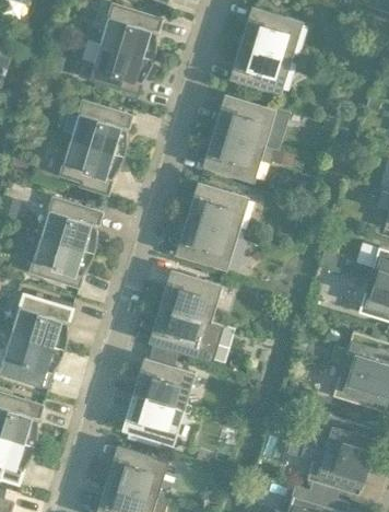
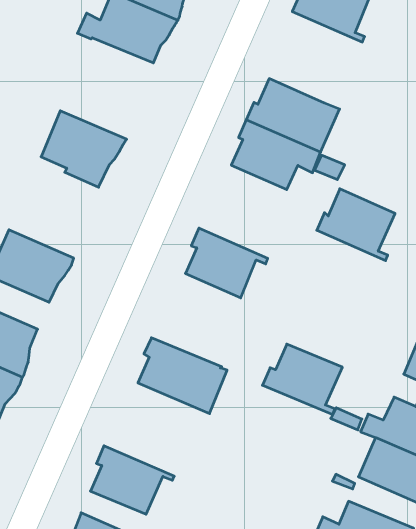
building: [234,42,297,91] -> none
building: [70,101,131,154] -> none
building: [187,183,246,234] -> [317,189,395,261]
building: [40,197,101,251] -> none
building: [160,271,220,322] -> [262,344,342,414]
building: [132,359,192,410] -> none

